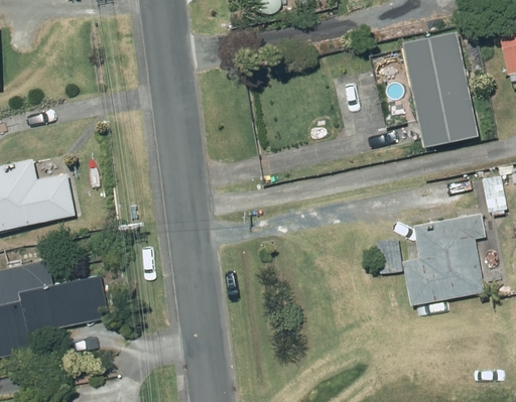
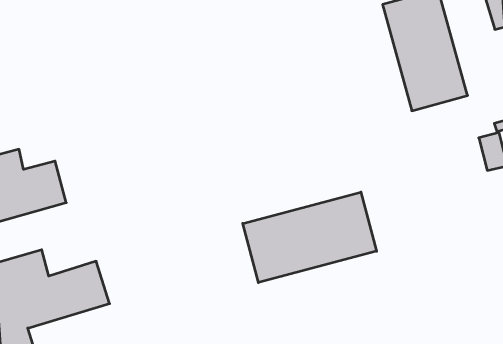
building: [403,215,486,306] -> none
building: none -> [243,192,377,283]

